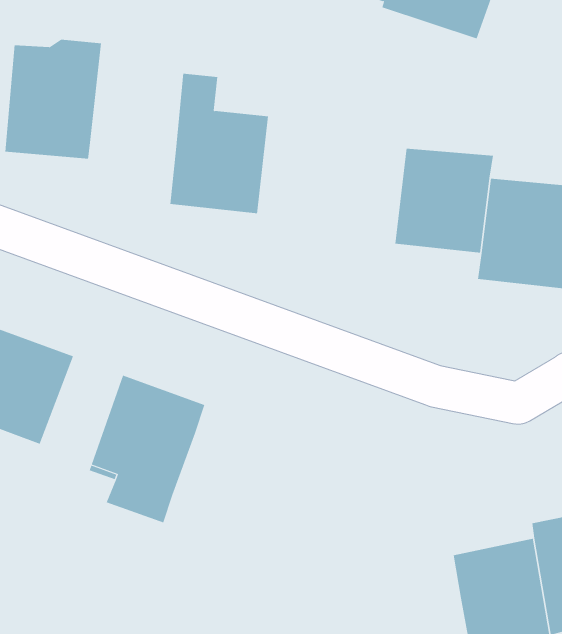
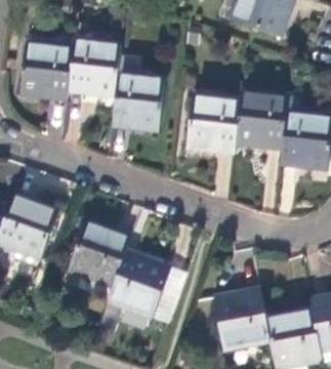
building: none -> [69,37,121,95]
building: none -> [187,98,240,157]
building: none -> [99,250,171,328]
building: none -> [212,288,271,350]

